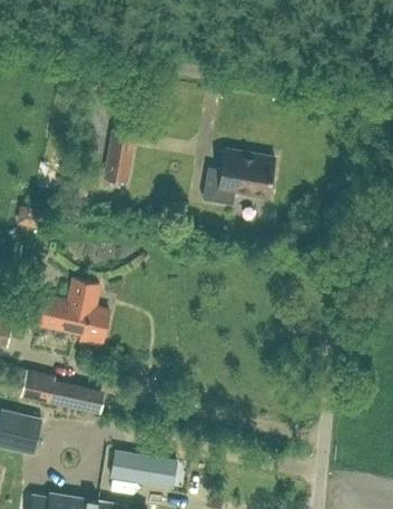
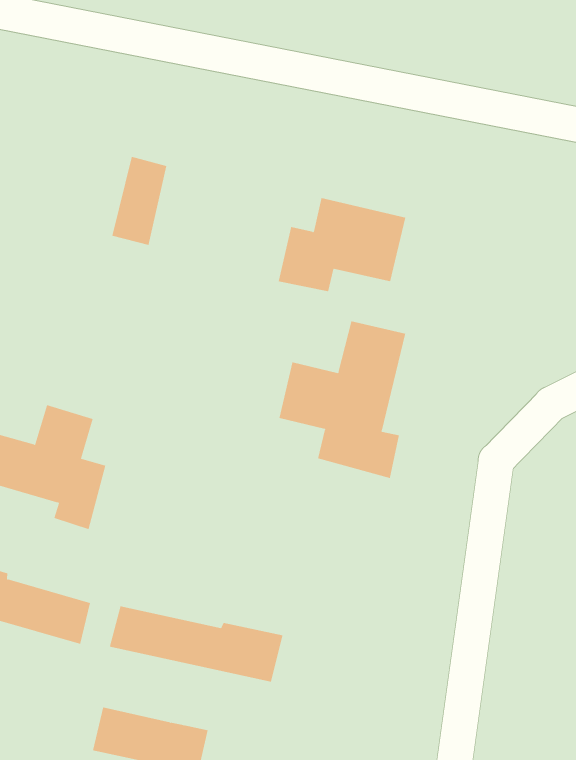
building: none -> [279,320,406,479]
building: none -> [109,606,283,683]

